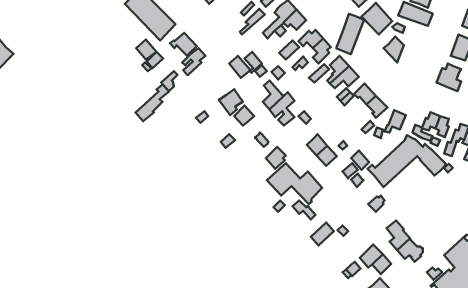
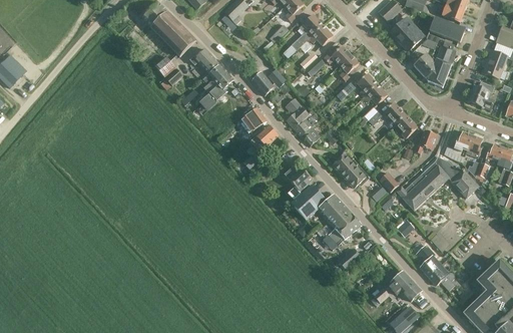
building: [337,14,364,54] -> [427,44,456,86]
building: [136,85,169,121] -> [198,72,233,110]
building: none -> [335,211,361,239]

